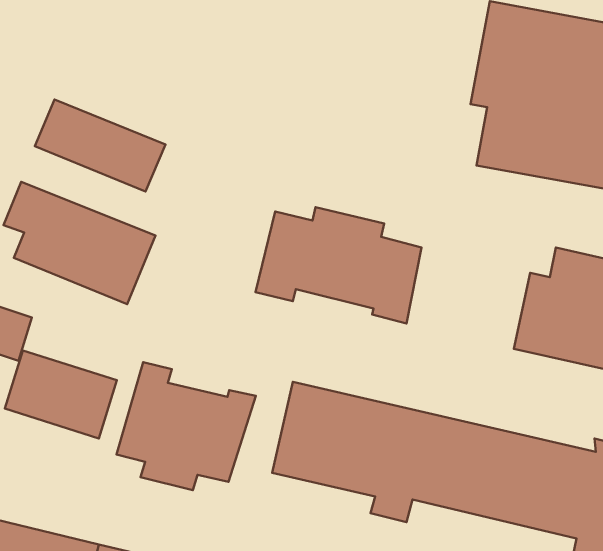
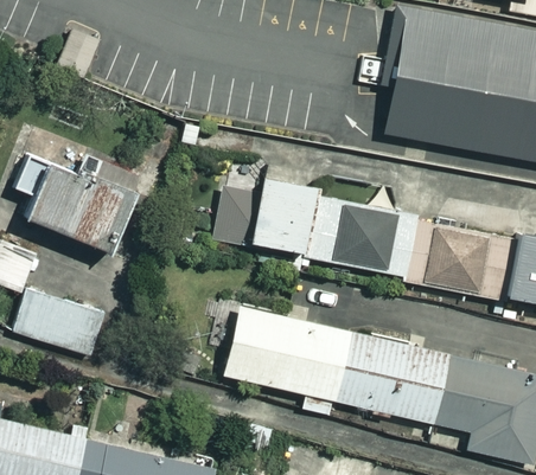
building: [35,99,165,191] -> none
building: none -> [334,203,433,283]
building: [117,362,256,490] -> none

